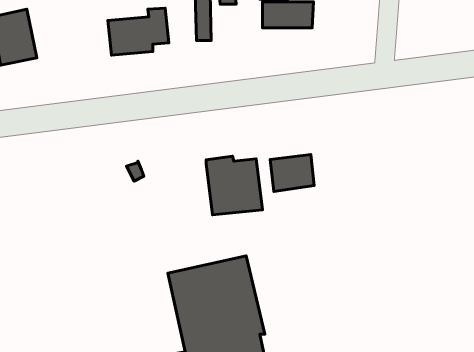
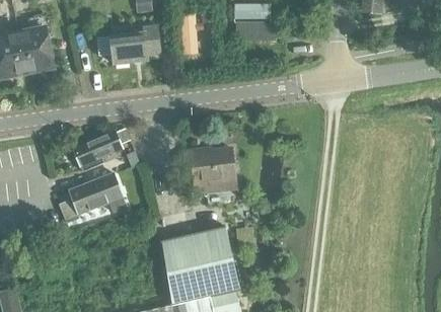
building: none -> [73,128,129,171]
building: [270,154,314,192] -> none
building: none -> [60,172,127,219]

